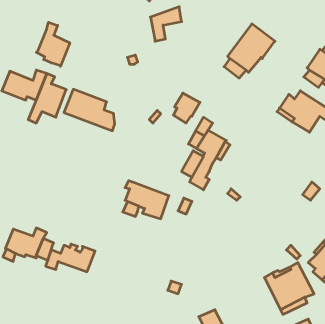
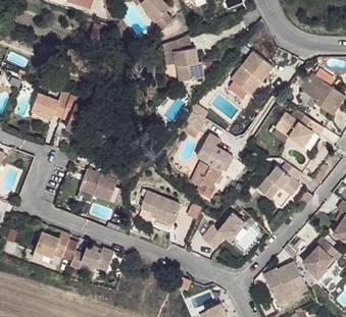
building: none -> [174,48,200,82]
building: [36,22,70,66] -> none
building: [64,89,115,131] -> [79,169,123,206]
building: none -> [257,163,301,197]
building: none -> [201,213,244,249]

